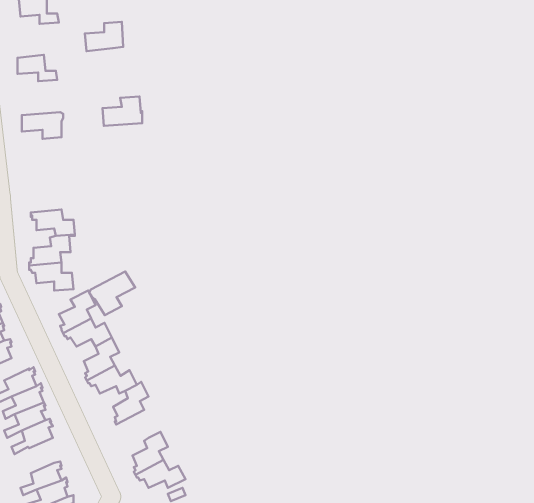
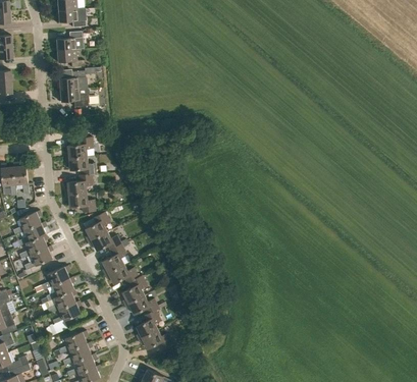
building: [85,22,123,51] -> [55,31,82,51]
building: [103,97,142,126] -> [58,70,86,91]
building: none -> [64,137,93,158]
building: [89,271,135,315] -> none
building: none -> [124,294,159,315]

